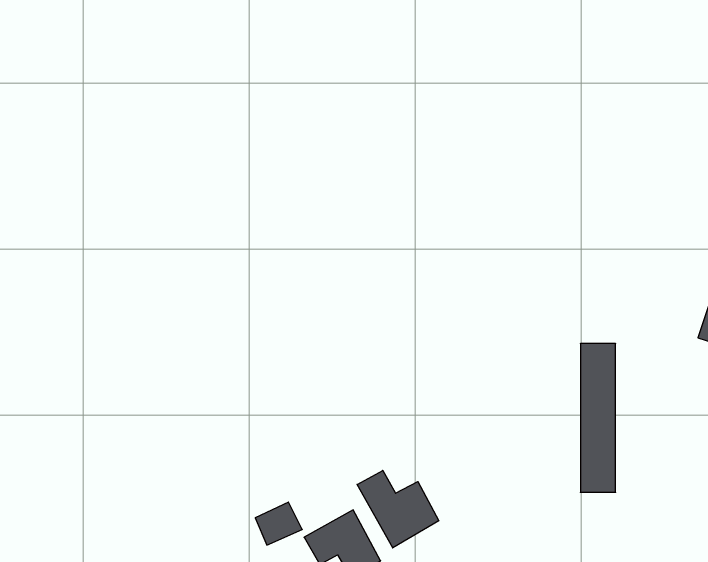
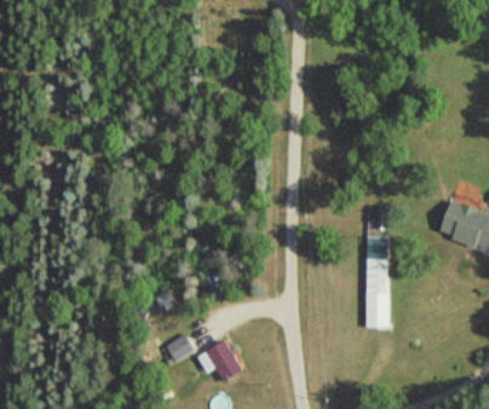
building: [357,470,439,548] -> none

